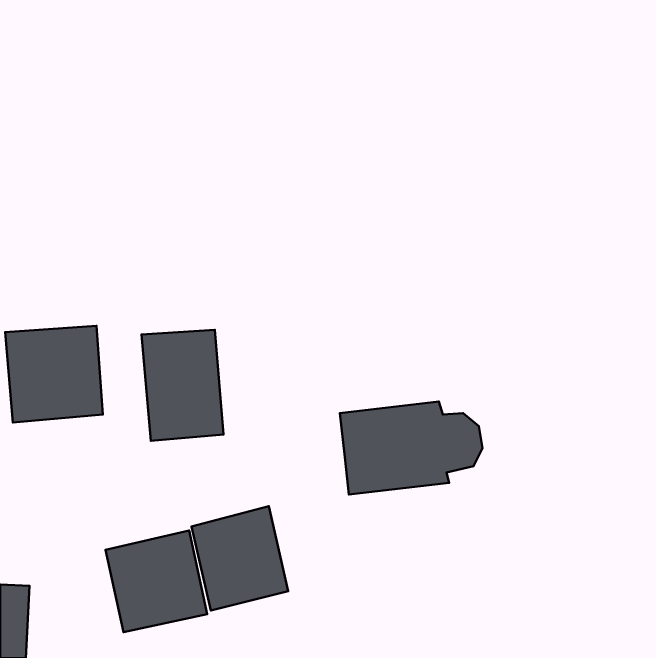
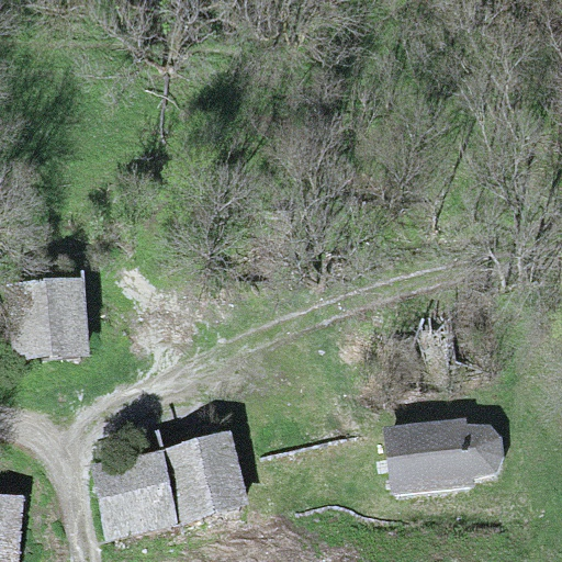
building: [142,330,224,441] -> none
building: [340,402,483,494] -> [382,416,504,495]

